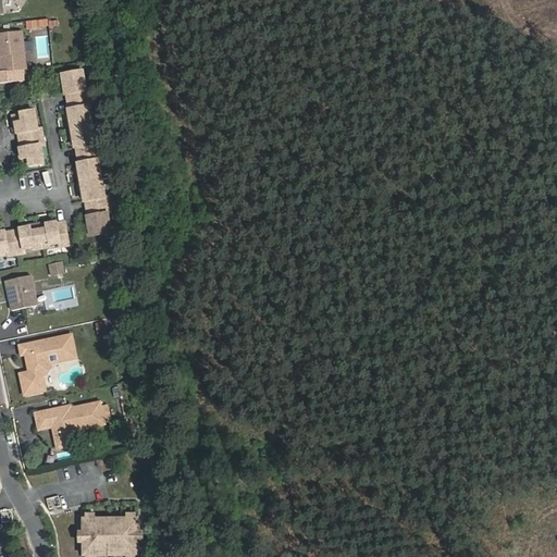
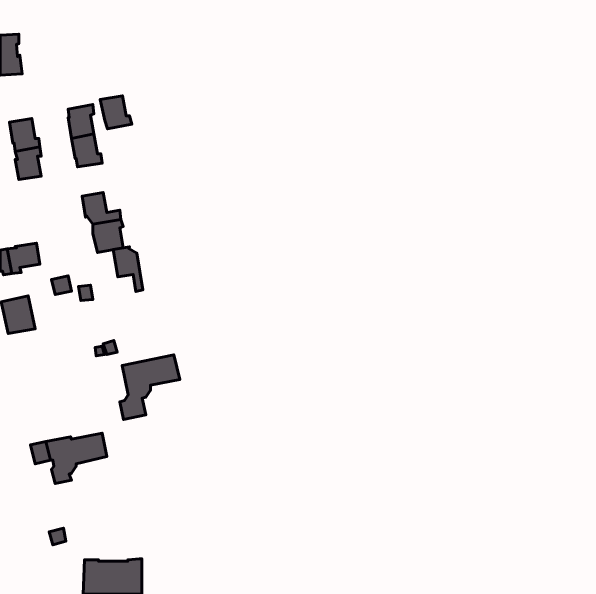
building: [60,71,89,101] -> [100,96,132,129]
building: [75,151,100,182] -> none
building: [37,222,67,246] -> none
building: none -> [113,247,143,291]
building: [18,334,74,394] -> [120,355,180,419]

